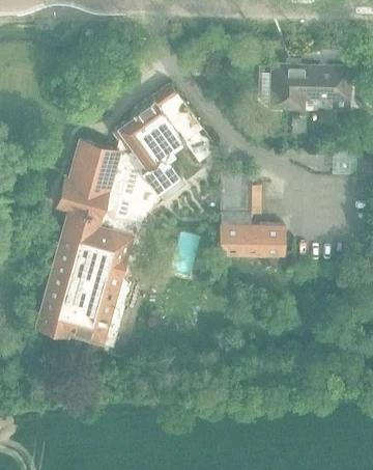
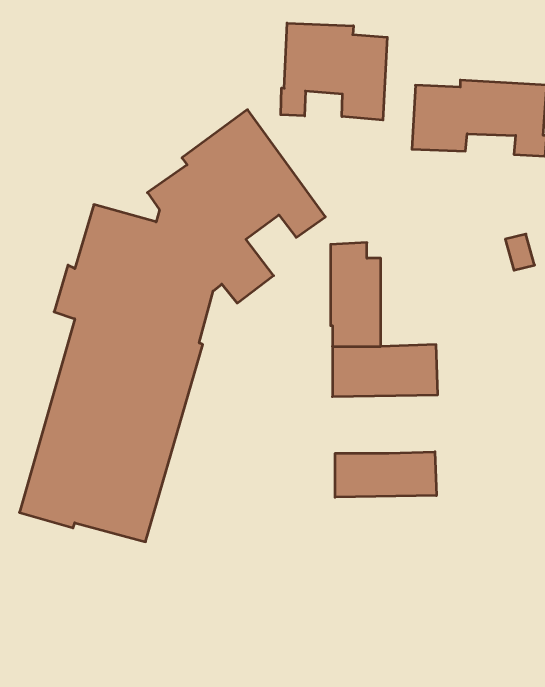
building: none -> [281,23,387,120]
building: none -> [335,452,436,497]

